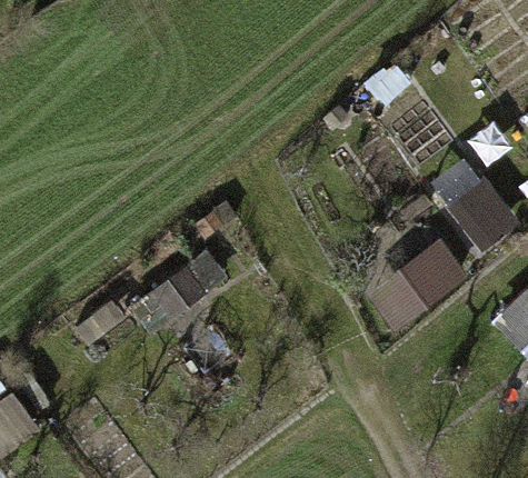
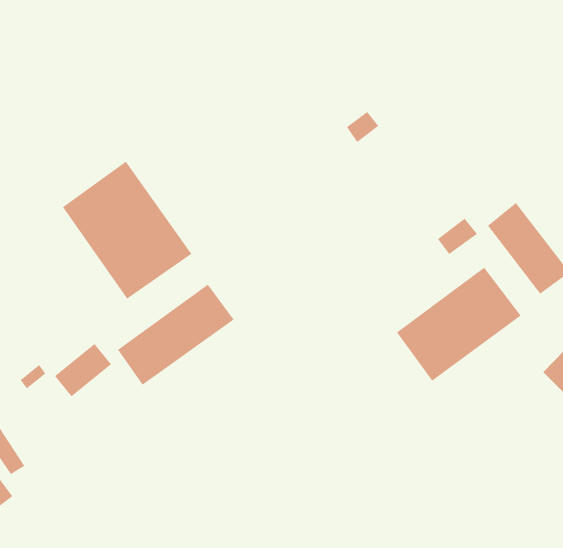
building: none -> [62,161,192,300]

